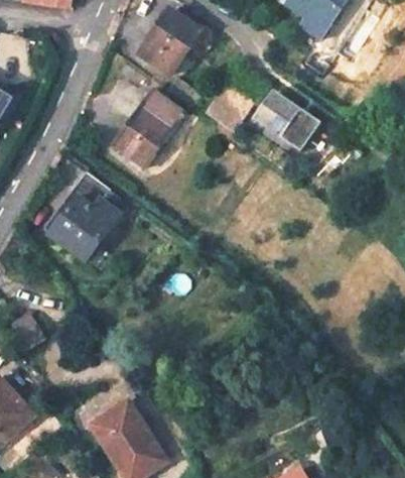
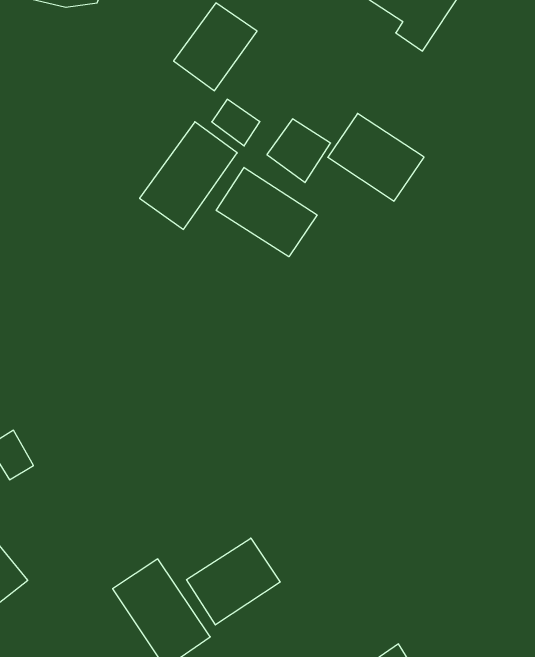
building: none -> [216,167,317,257]
building: [52,171,119,260] -> none
building: none -> [187,538,280,625]

